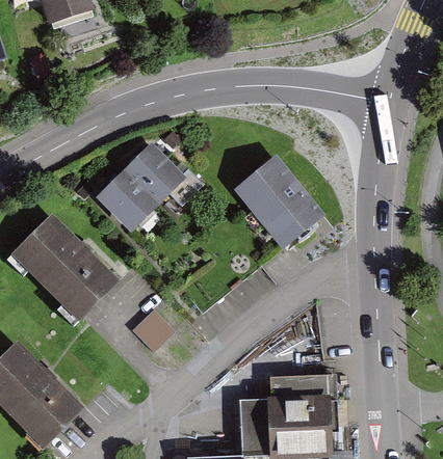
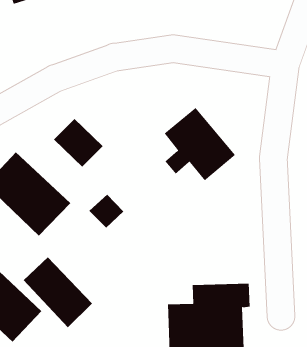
building: [126,144,185,204] -> none
building: [128,312,172,354] -> [88,194,124,229]
building: none -> [23,256,93,328]

